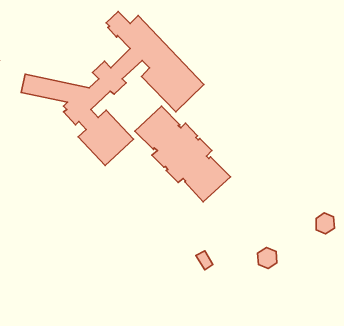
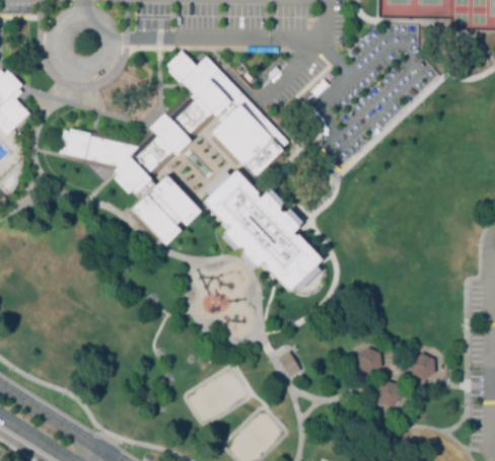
building: [316,213,334,234] -> [413,354,436,380]
building: none -> [377,381,403,406]

